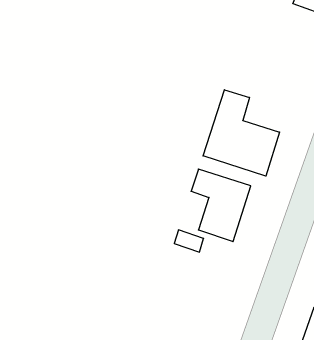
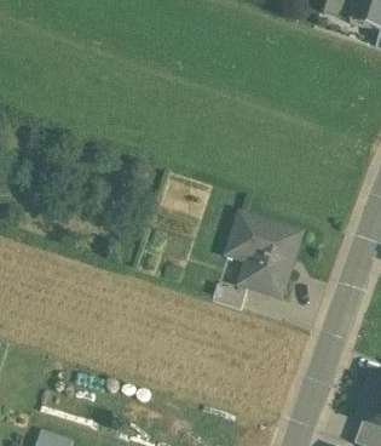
building: [203,90,280,176] -> none

